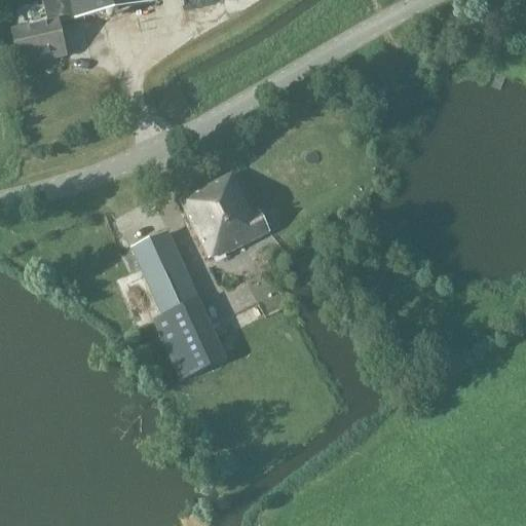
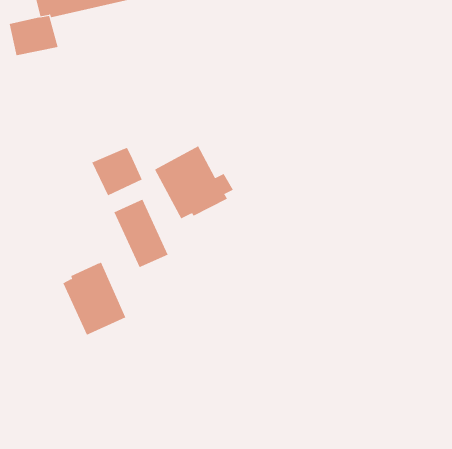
building: none -> [91,147,143,196]
building: [153,294,227,379] -> [62,262,126,335]

